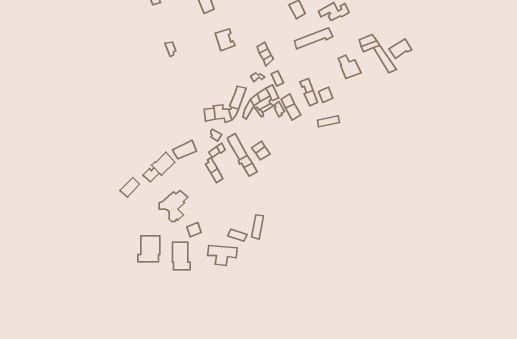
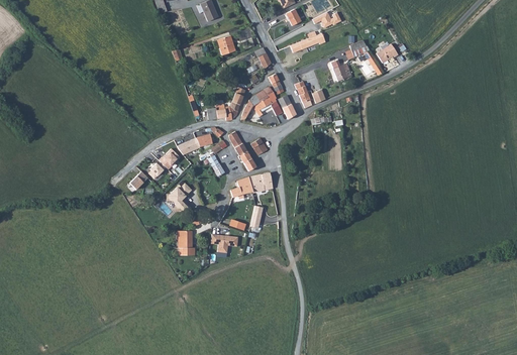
building: none -> [230,172,273,199]
building: [138,236,160,262] -> none

